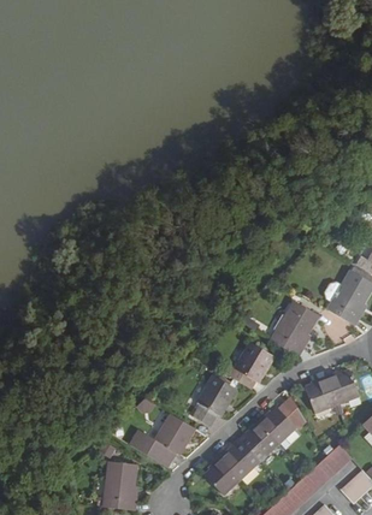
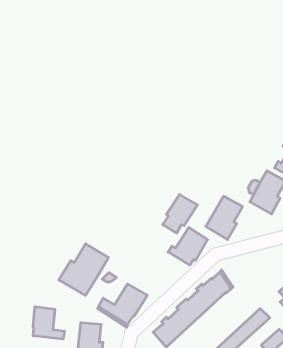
building: none -> [59,244,108,295]
building: [305,371,358,408] -> none
building: [193,378,237,427] -> [163,194,197,233]
building: none -> [33,307,64,339]

